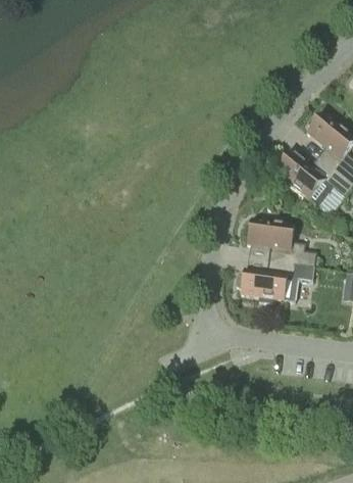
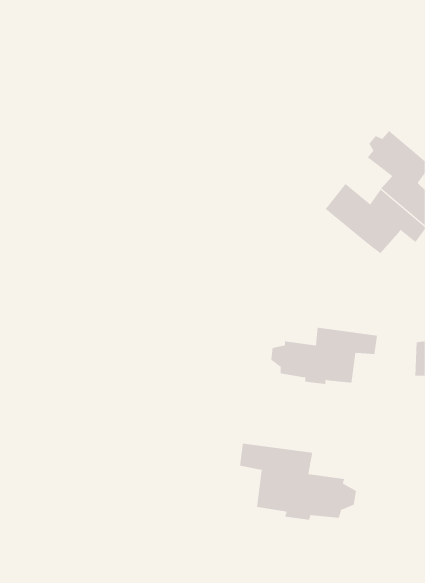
building: [249,220,318,265] -> none
building: none -> [240,443,356,521]

